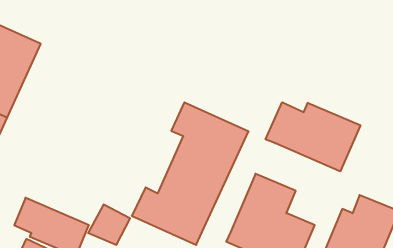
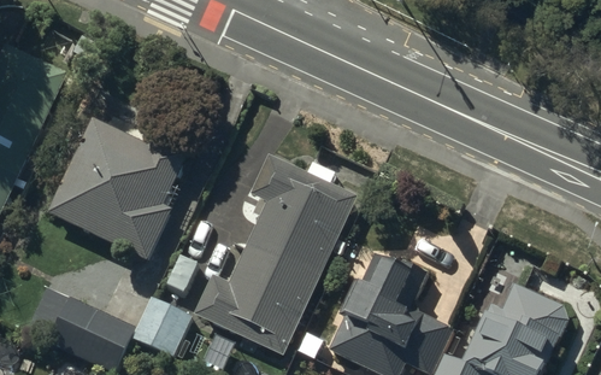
building: none -> [47,117,183,258]
building: [266,102,360,171] -> none

